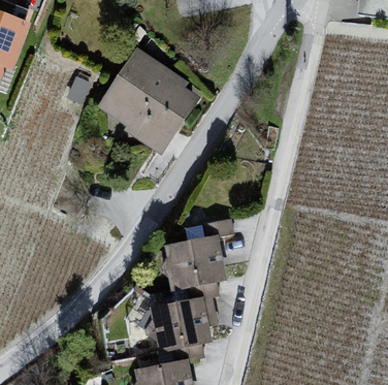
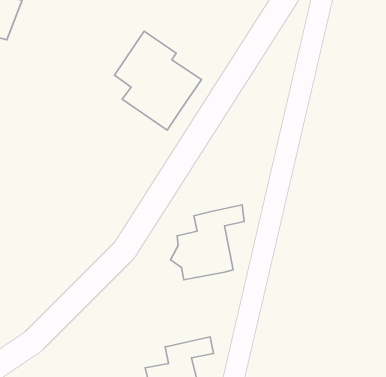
building: [148,281,218,350] -> none

